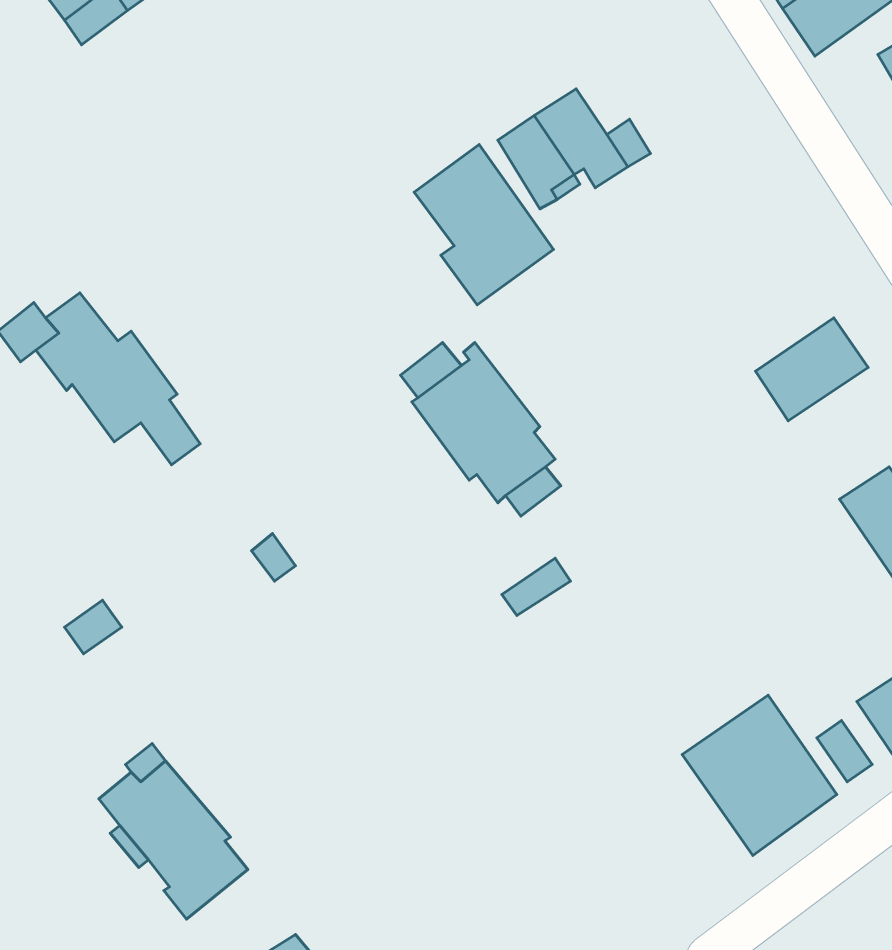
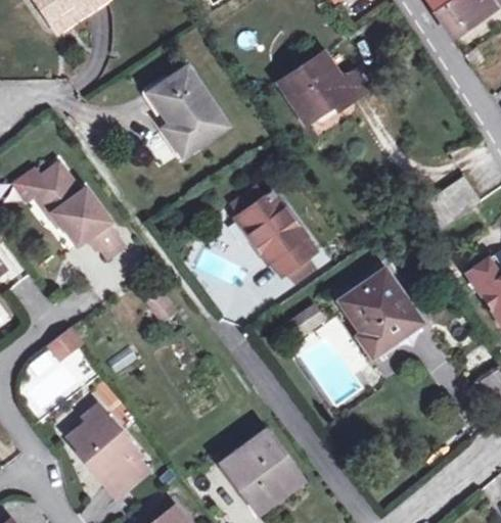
building: [414,145,553,305] -> [152,67,227,153]
building: [682,695,837,856] -> [336,269,419,354]
building: none -> [225,431,298,507]

